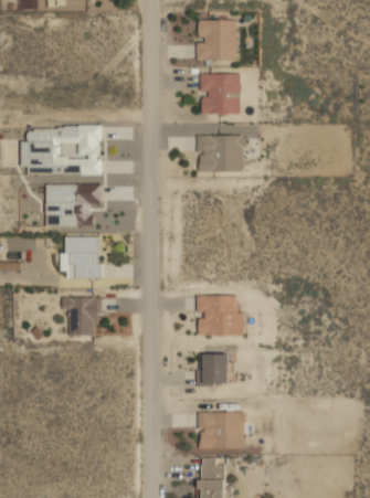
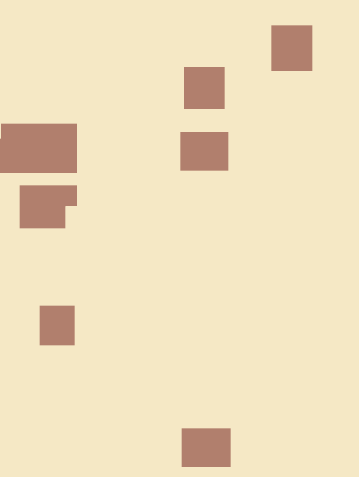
building: [197,19,236,63] -> [271,25,313,72]
building: [66,236,99,279] -> none
building: [195,296,242,336] -> none
building: [202,353,230,385] -> none

